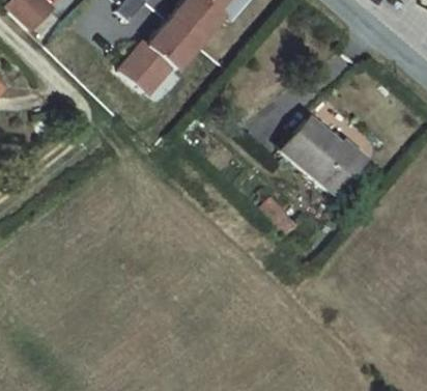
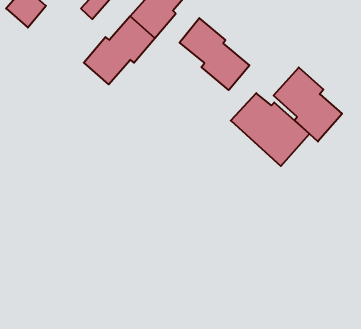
building: none -> [180,18,249,90]
building: none -> [274,67,342,142]

